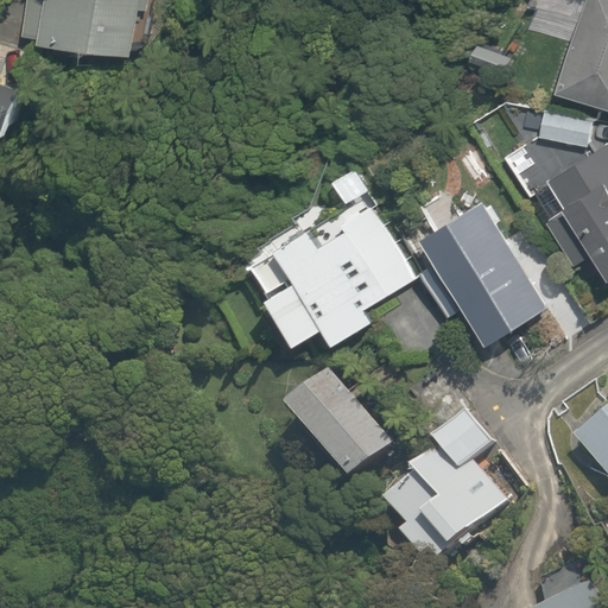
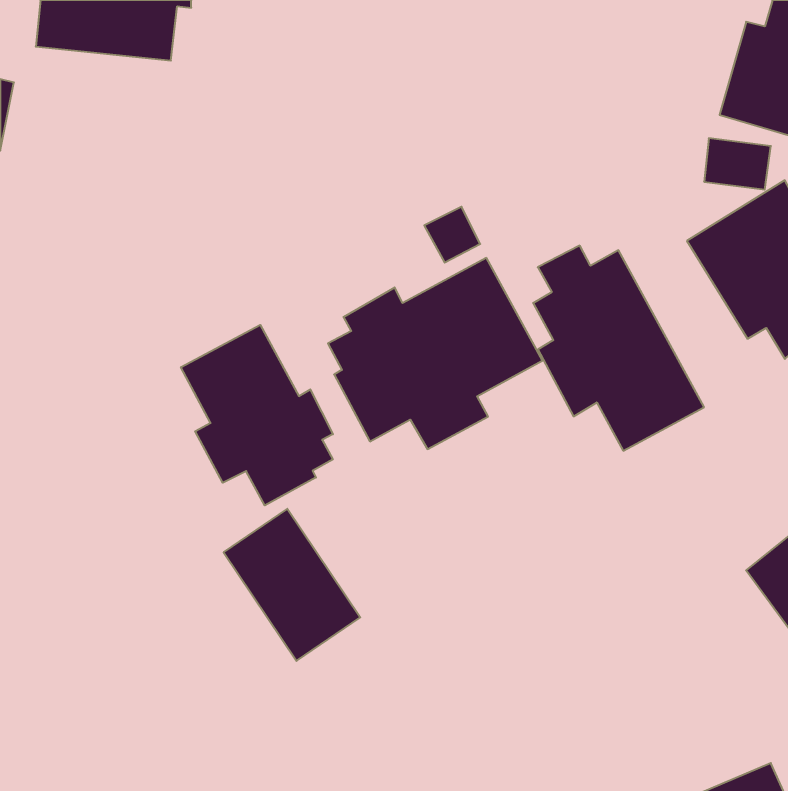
building: none -> [181,325,333,505]
building: [283,363,387,480] -> [224,509,360,661]
building: [376,401,506,570] -> none

